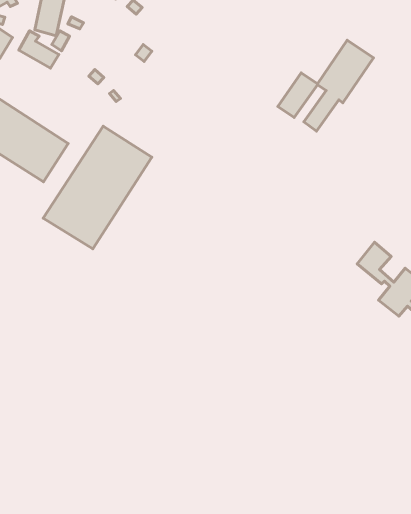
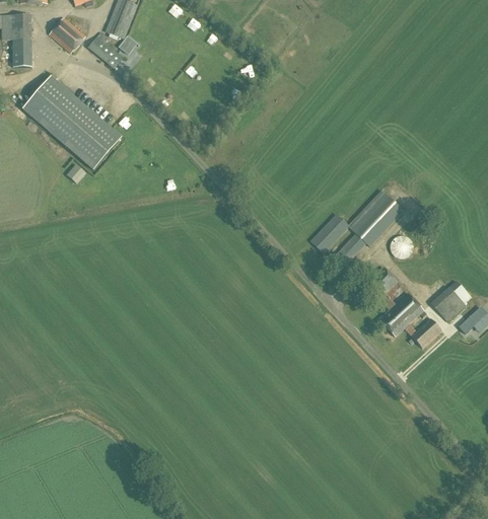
building: [278,40,373,131] -> [310,191,403,269]
building: [43,126,152,249] -> none

